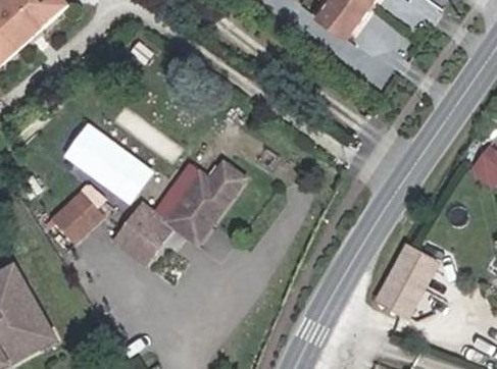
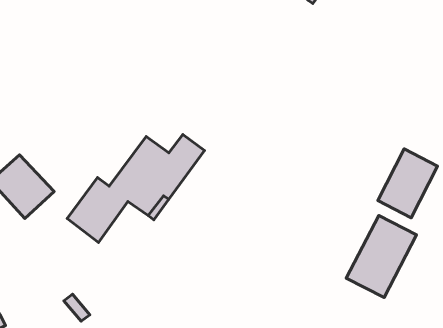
building: [66,120,157,202] -> none
building: none -> [378,149,438,218]

